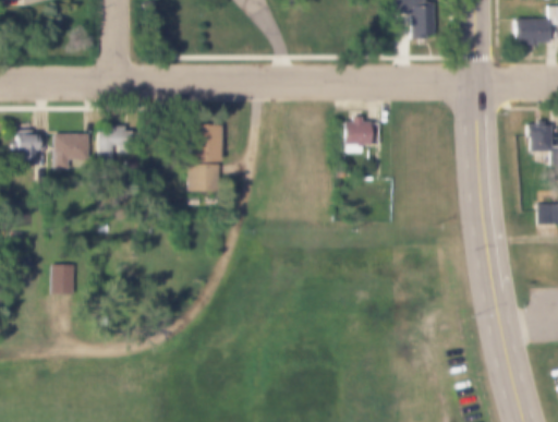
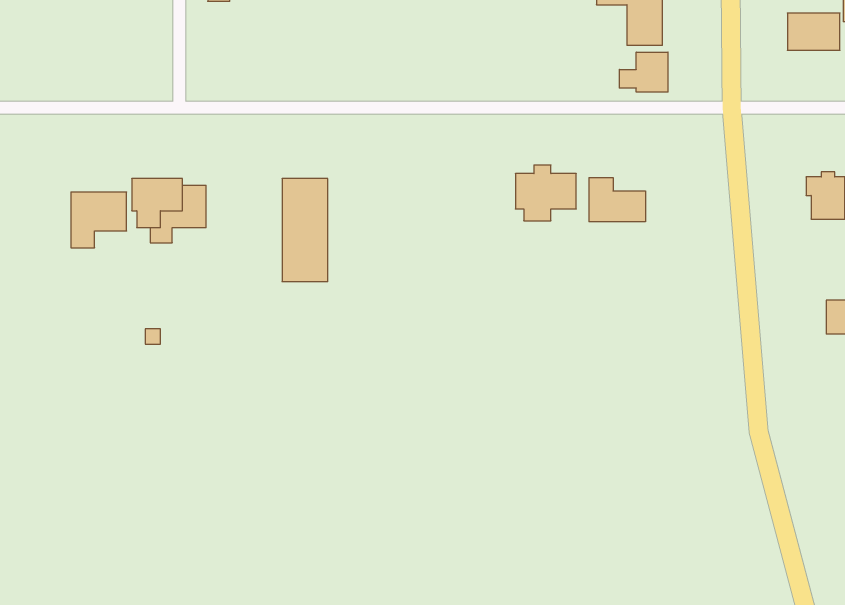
building: none -> [619,52,668,92]
building: none -> [589,178,645,222]
building: [16,129,40,165] -> none
building: [54,265,75,292] -> none

